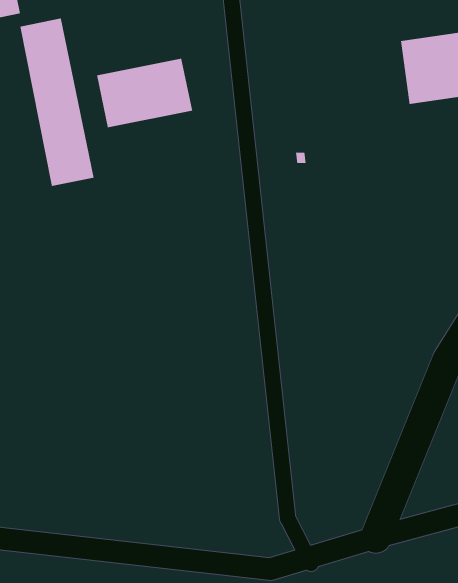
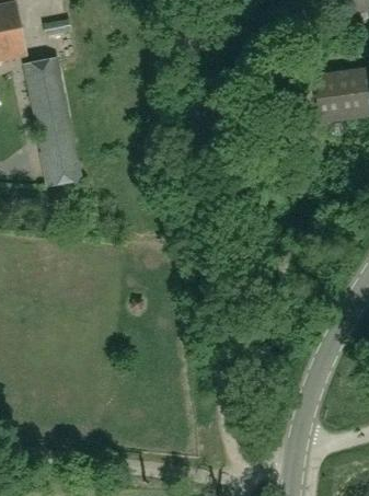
building: [97,58,193,128] -> none

